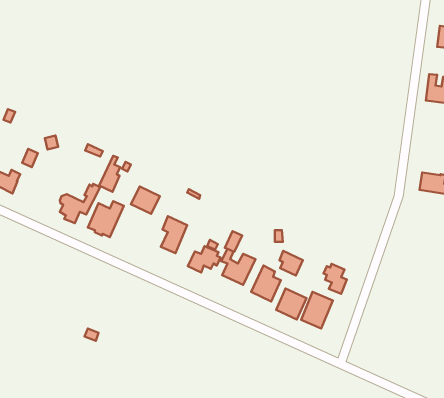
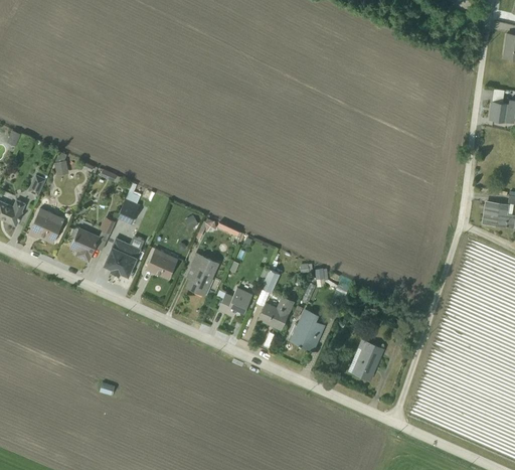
building: none -> [28,208,64,243]
building: [131,186,160,214] -> [145,249,178,280]
building: [279,251,303,276] -> none
building: [324,264,347,294] -> none
building: [276,288,306,320] -> none

